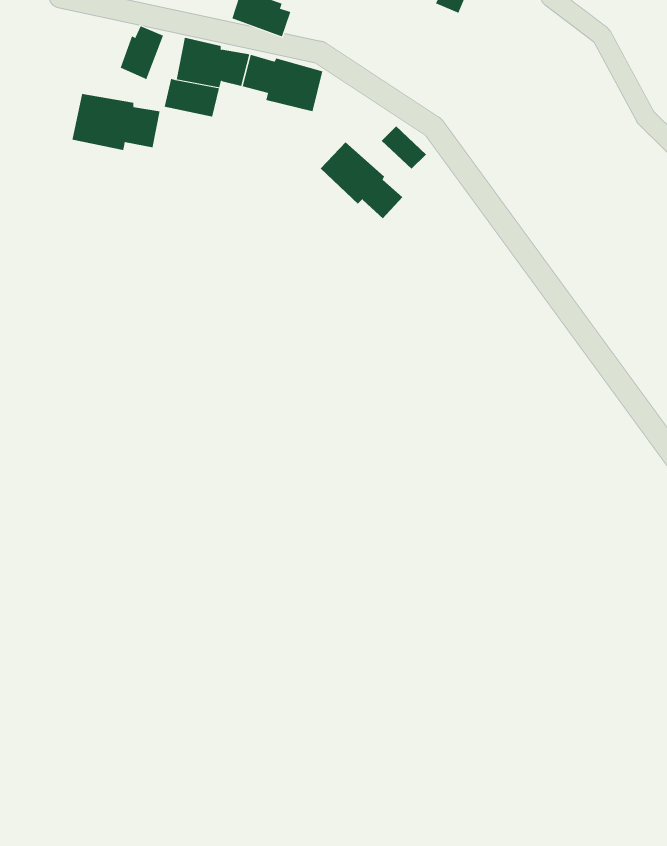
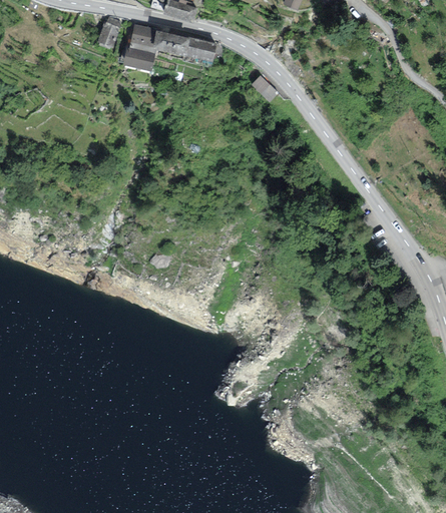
building: [72,93,160,151] -> none
building: [320,141,403,219] -> none

